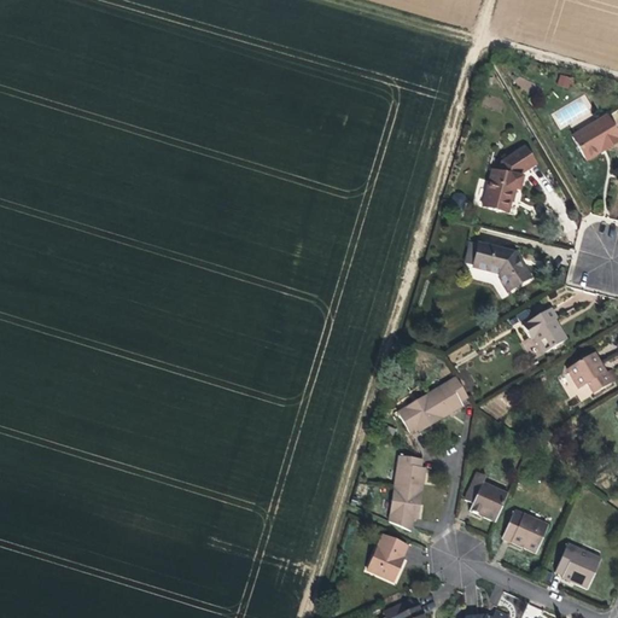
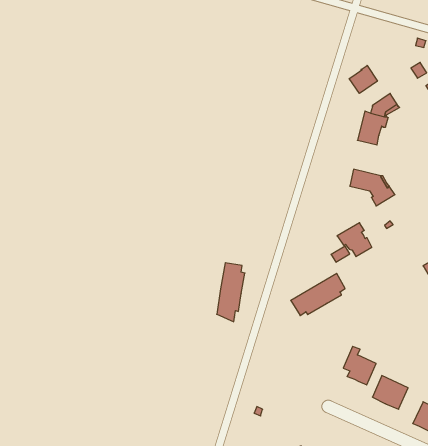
building: none -> [349,65,377,93]
building: [521,307,566,350] -> [337,223,372,257]
building: [389,454,425,530] -> [217,263,245,322]
building: [367,534,407,579] -> none

